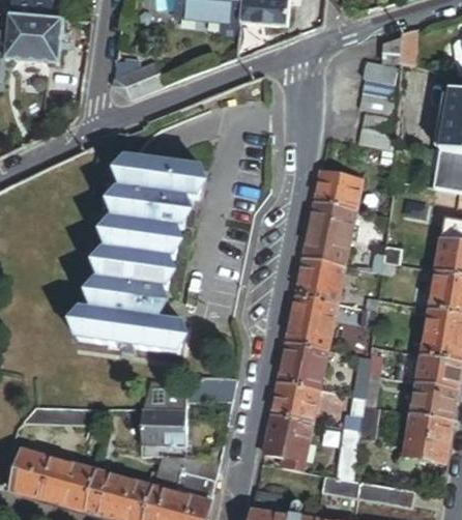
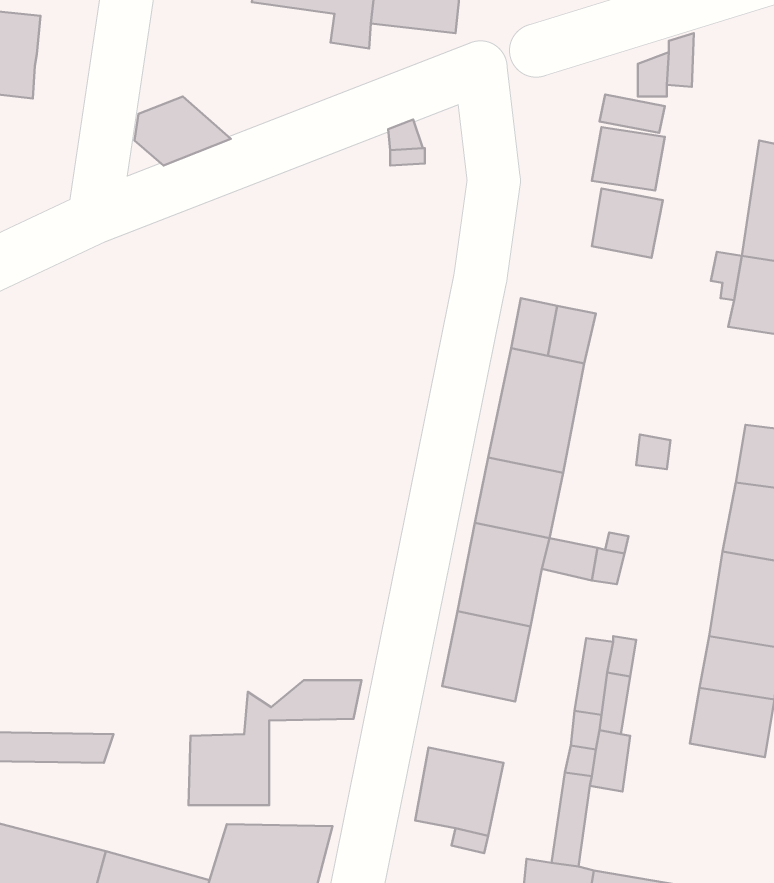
building: [77,157,200,352] -> none
building: [270,380,317,422] -> none
building: [404,411,452,463] -> none

